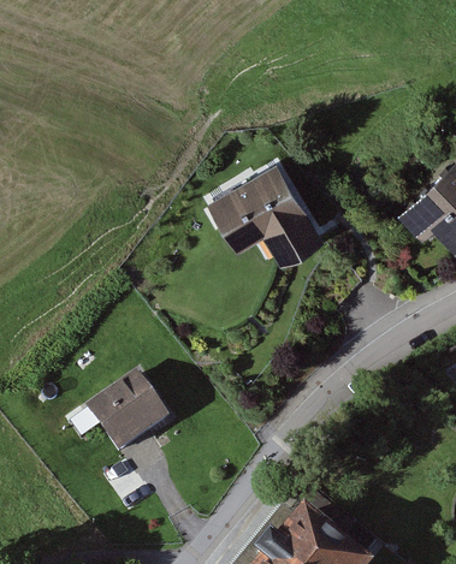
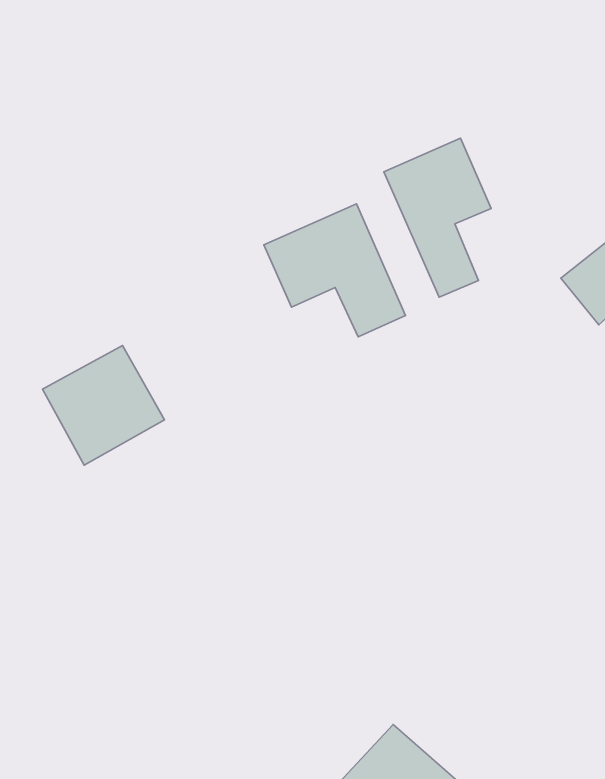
building: none -> [384,138,491,297]
building: [91,376,172,456] -> [43,346,164,465]

